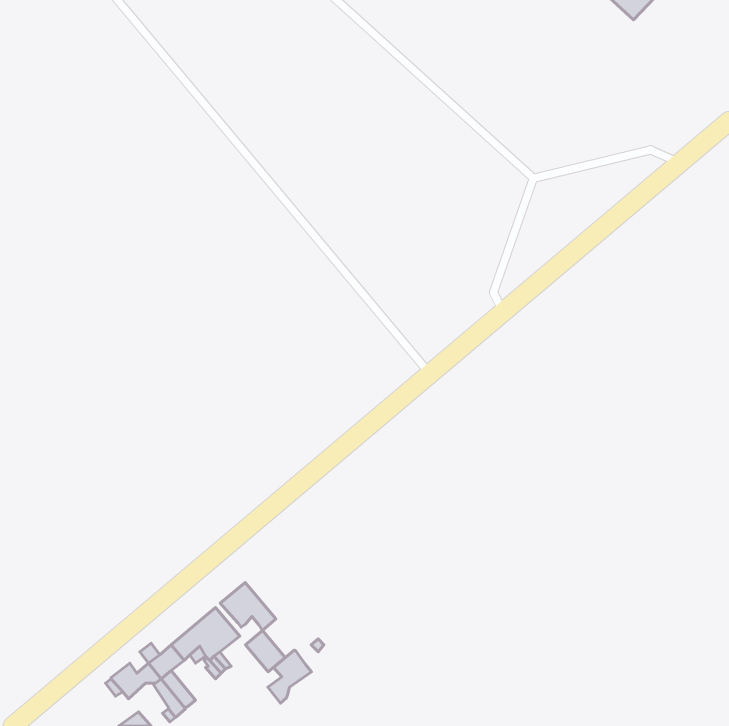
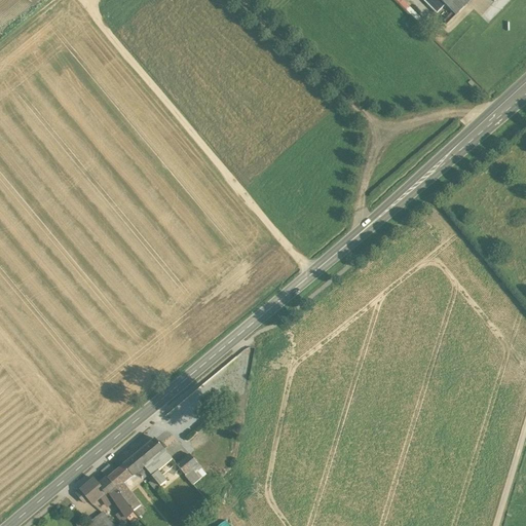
building: [220,582,276,630] -> none
building: [268,650,311,703] -> none

